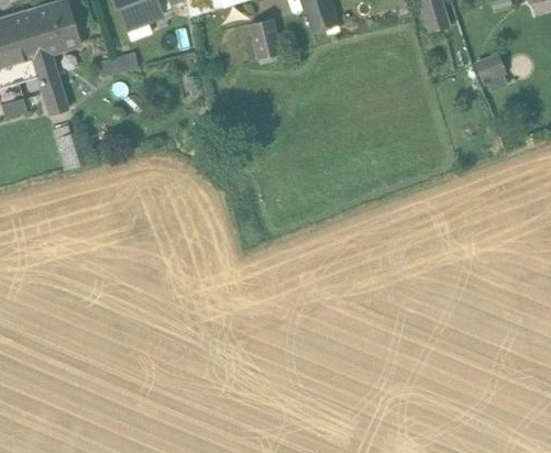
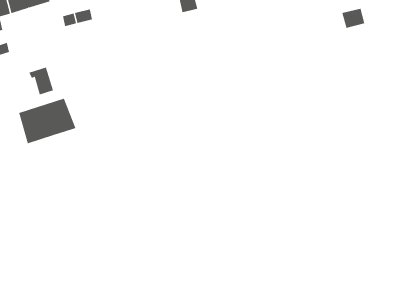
building: [31,52,67,113] -> none
building: none -> [18,98,76,144]

